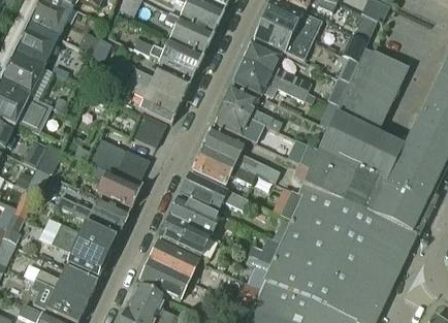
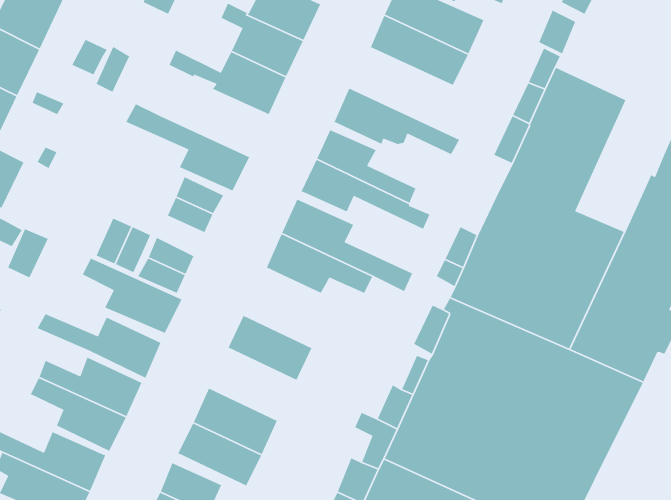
building: [241,40,311,92] -> none
building: [128,66,191,102] -> none
building: [179,172,246,211] -> none
building: [159,216,210,255] -> none

